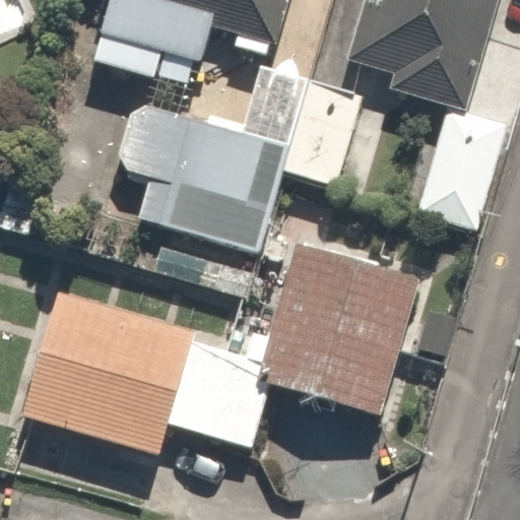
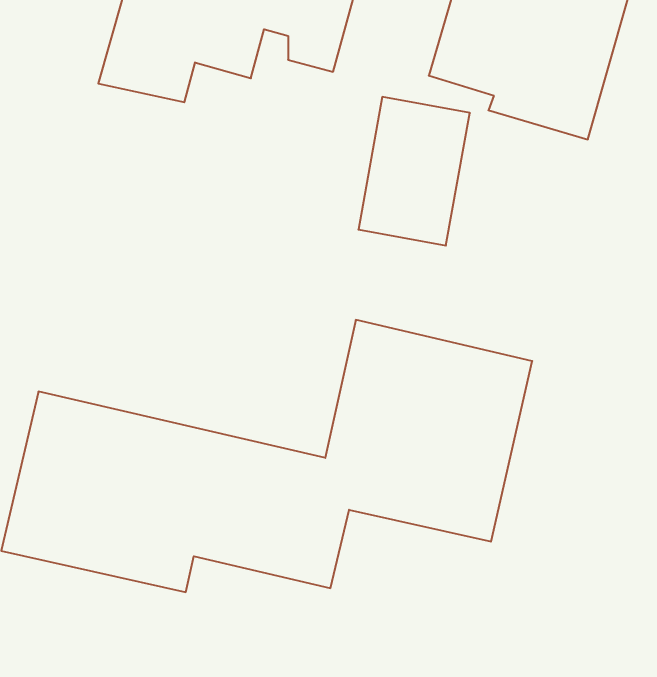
building: [113,102,283,251] -> none
building: [419,108,514,229] -> none

